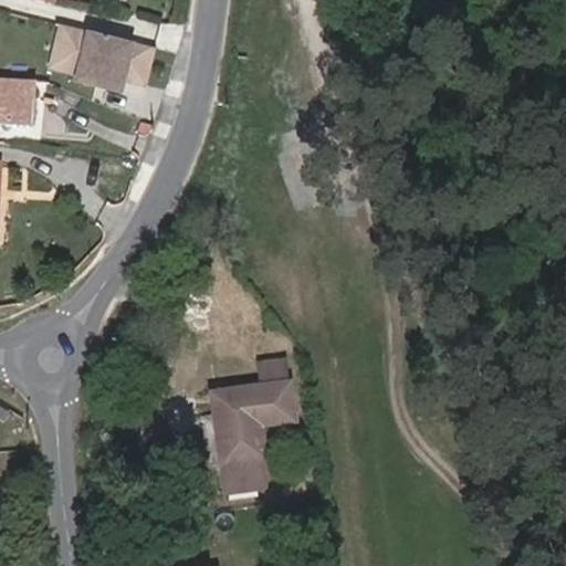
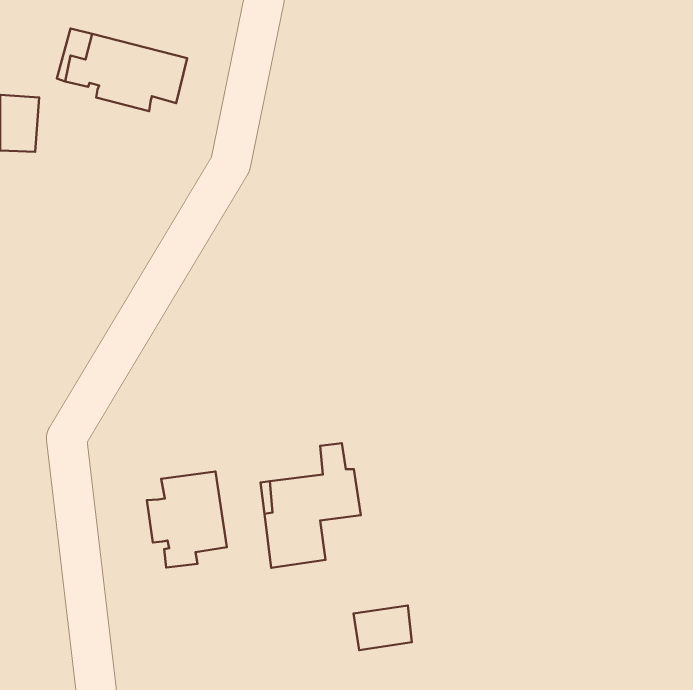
building: none -> [147,471,227,568]
building: [221,457,269,493] -> [354,605,412,650]

